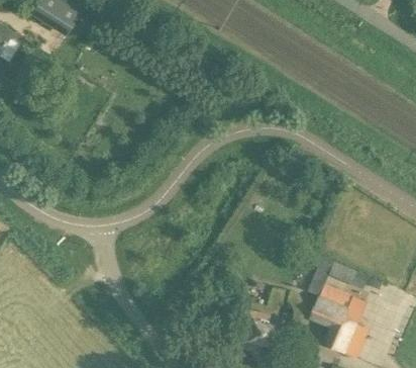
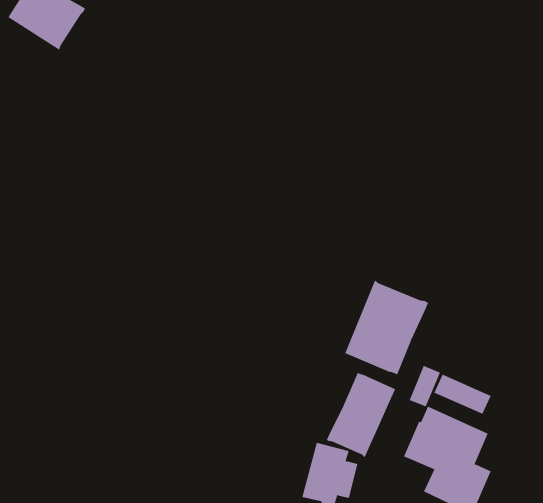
building: none -> [345,280,429,375]
building: none -> [326,372,396,458]

